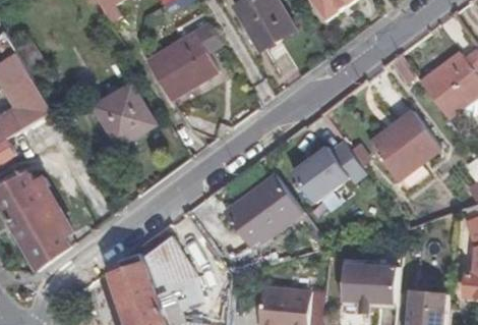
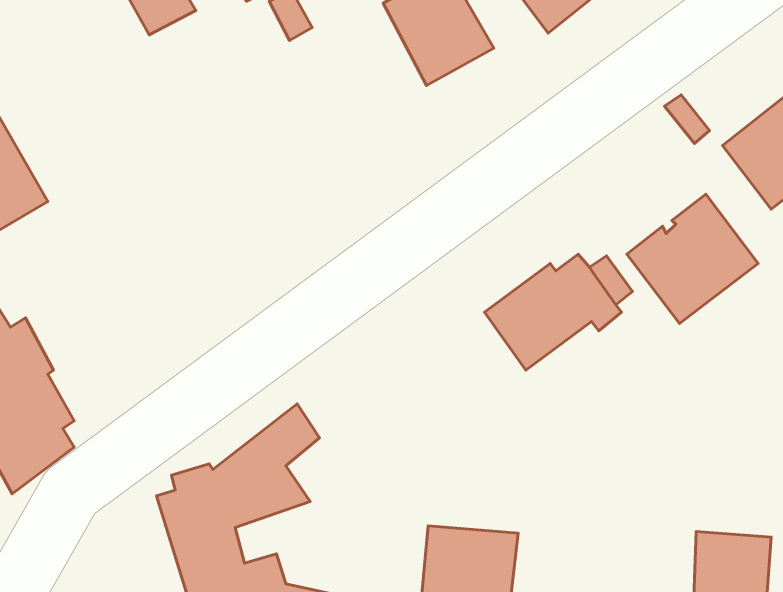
building: [146,22,219,97] -> none
building: [88,79,147,140] -> none
building: [223,175,301,246] -> none
building: [343,265,400,309] -> none

